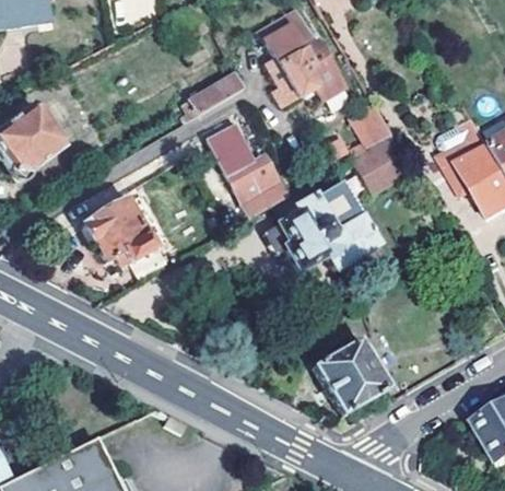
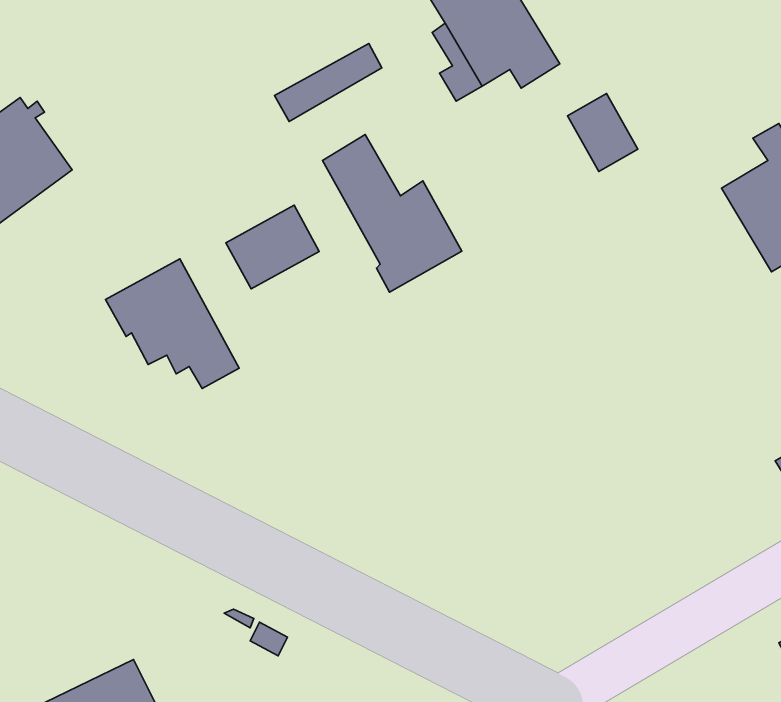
building: [357,140,411,190] -> none
building: none -> [226,205,319,289]
building: [271,183,375,271] -> none
building: [312,340,390,417] -> none

